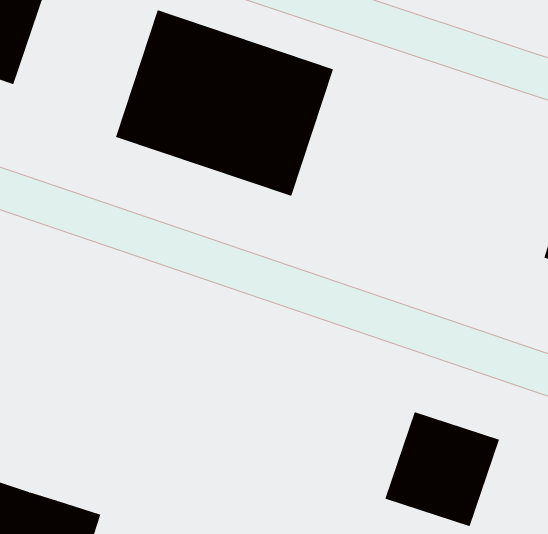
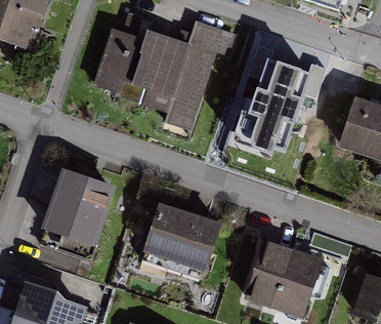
building: none -> [243,69,303,144]
building: none -> [45,173,112,245]
building: none -> [146,207,222,268]

